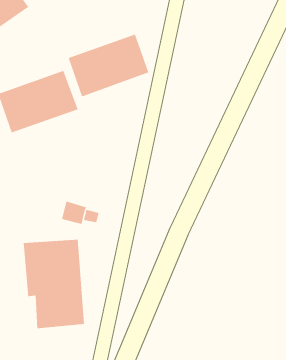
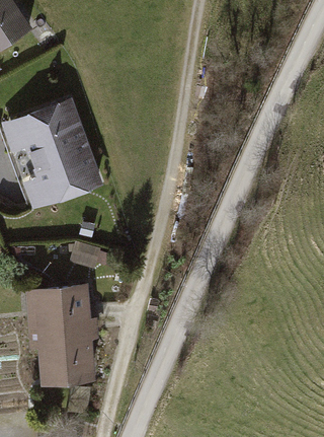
building: [68,34,149,97] -> [13,141,103,211]

